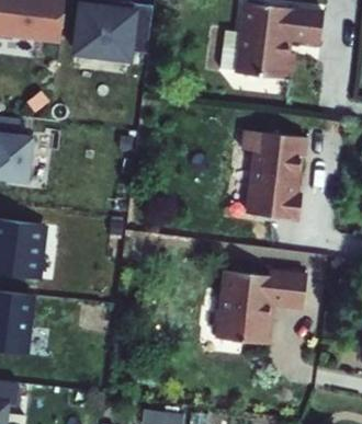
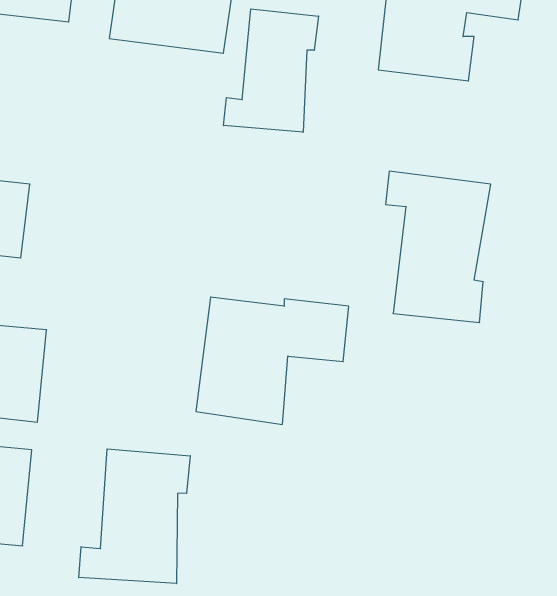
building: none -> [224,9,319,132]
building: [216,271,307,346] -> [196,297,349,424]
building: none -> [79,449,190,584]

